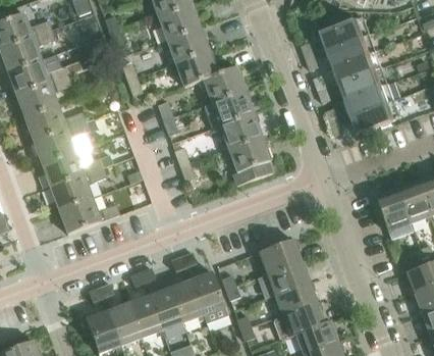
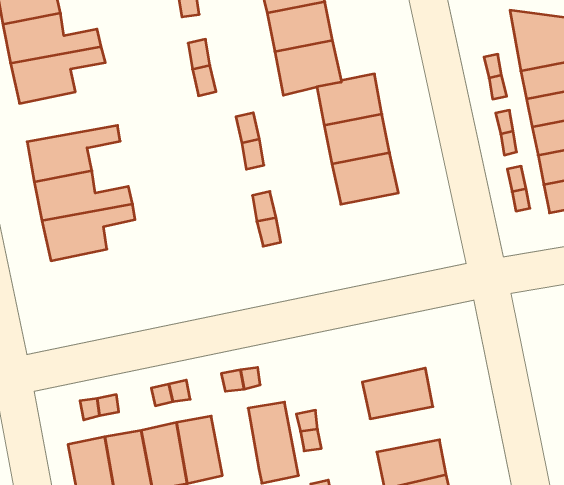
building: [25,105,87,140] -> none
building: [228,136,273,187] -> none
building: [59,197,120,234] -> none
building: [266,261,310,294] -> none
building: [170,279,204,322] -> none

